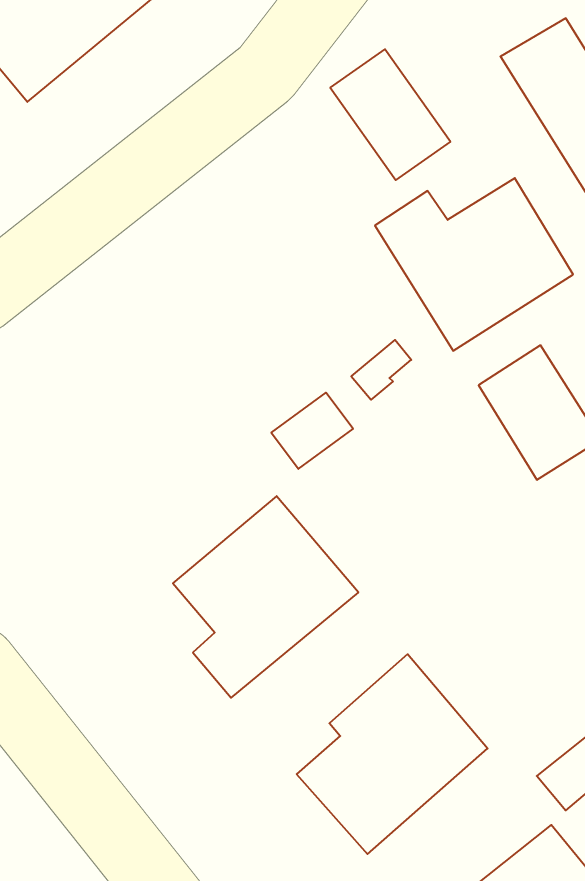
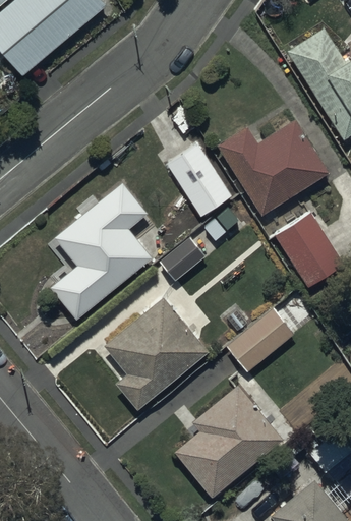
building: [330,49,450,180] -> [167,144,234,218]
building: none -> [51,183,151,319]
building: none -> [228,309,294,372]

